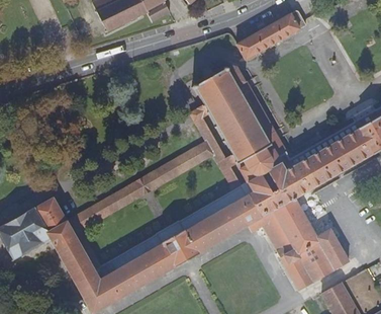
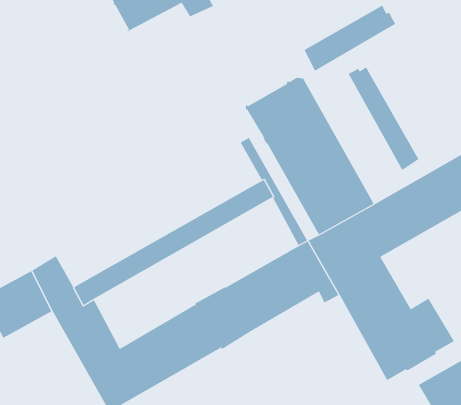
building: none -> [348,66,419,171]

